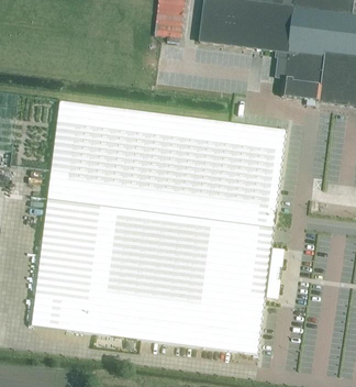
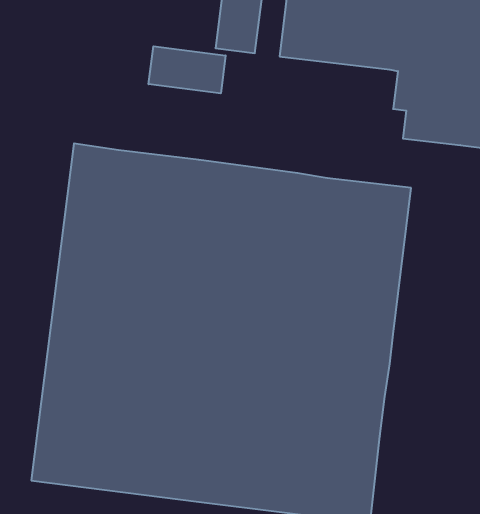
building: none -> [149,46,226,93]

